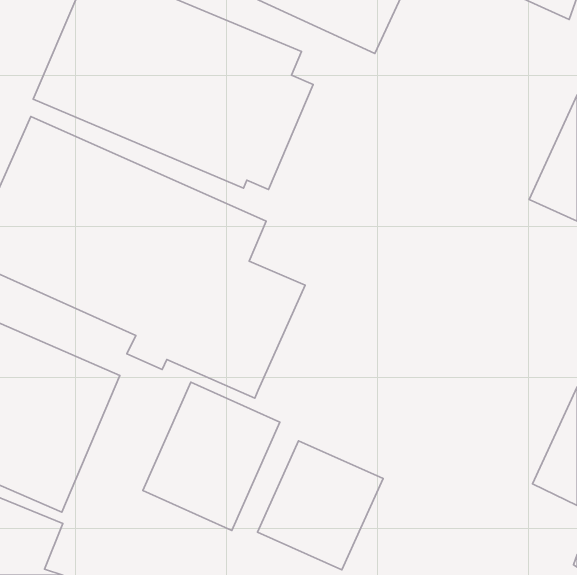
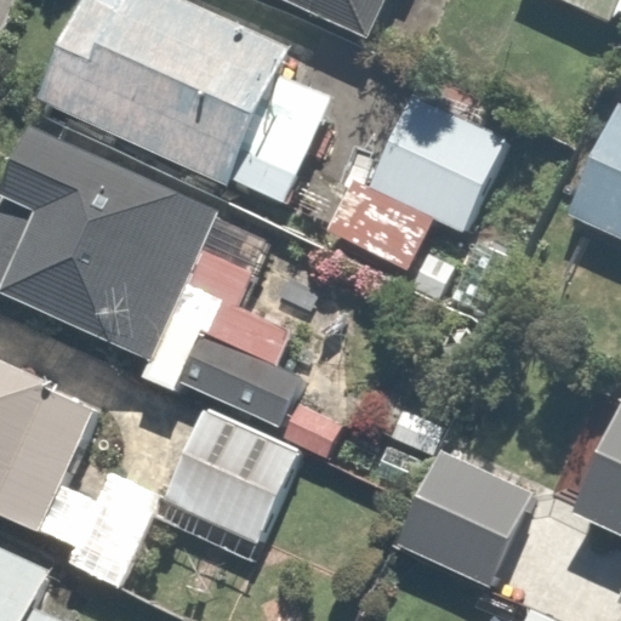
building: none -> [320,75,513,264]
building: [257,441,383,570] -> [395,455,529,592]

